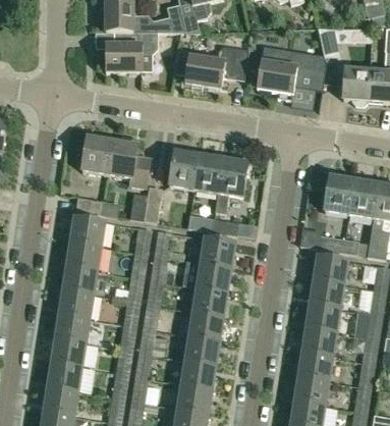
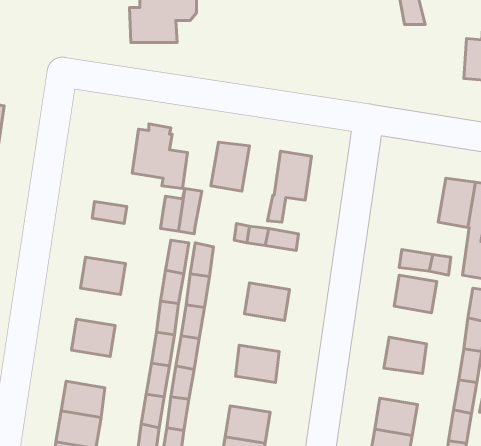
building: [184,46,248,88] -> none
building: [257,51,319,93] -> none
building: [342,66,371,106] -> none
building: [81,136,112,174] -> none
building: [193,153,224,192] -> none
building: [324,174,354,213] -> none
building: [70,216,105,246] -> none
building: [200,236,235,266] -> none
building: [63,265,98,295] -> none
building: [310,279,343,309] -> none
building: [191,285,227,315] -> none
building: [55,314,90,343] -> none
building: [302,328,336,357] -> none
building: [184,334,220,363] -> none

